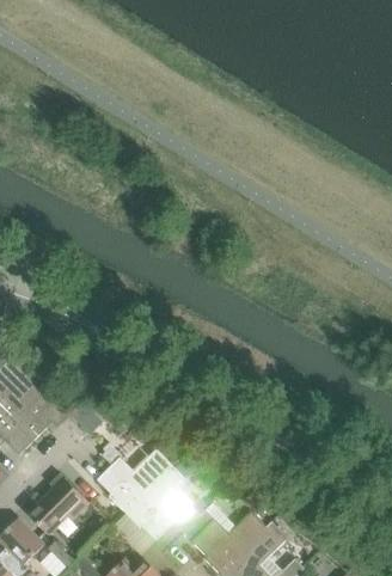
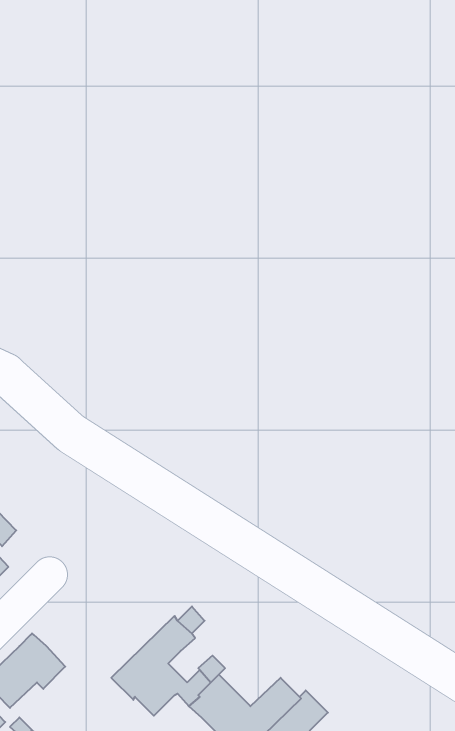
building: [97,445,172,513] -> none

